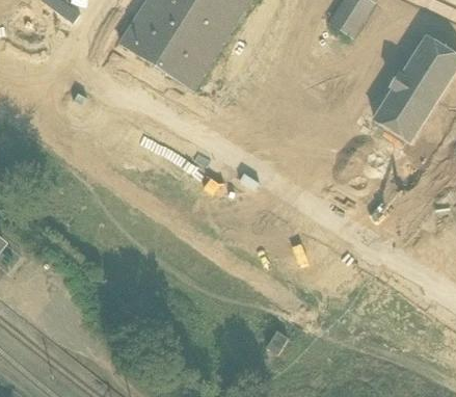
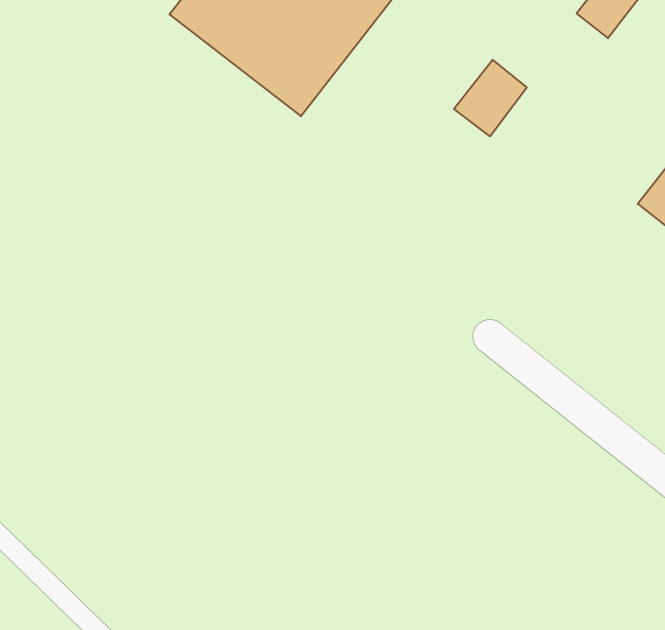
building: none -> [454,60,527,136]

